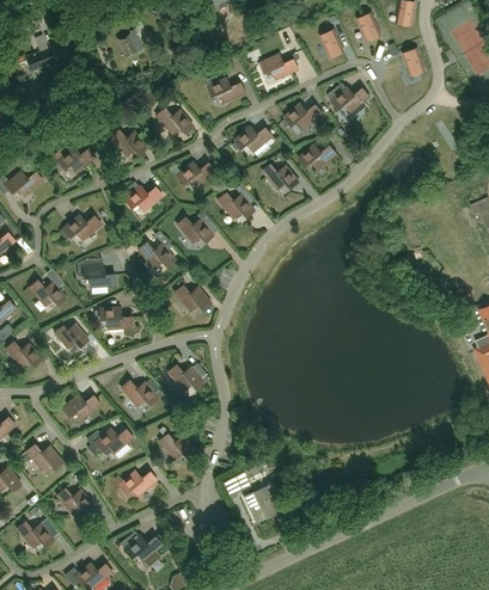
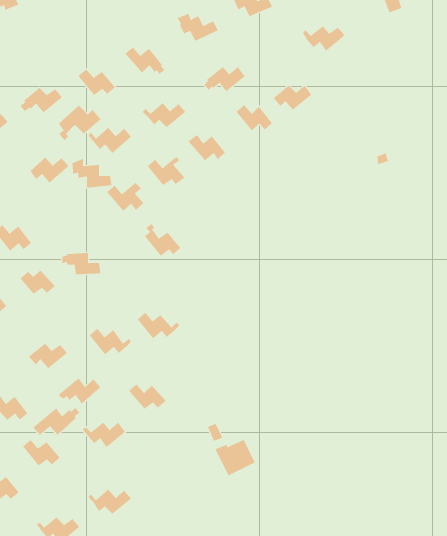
building: [281,103,323,129] -> none
building: none -> [58,105,101,141]
building: [77,258,116,287] -> [71,158,112,188]
building: none -> [33,407,80,436]

